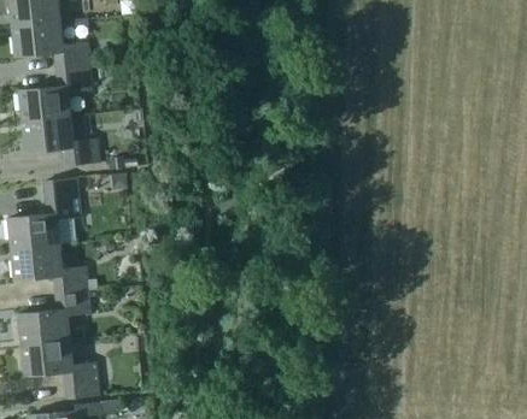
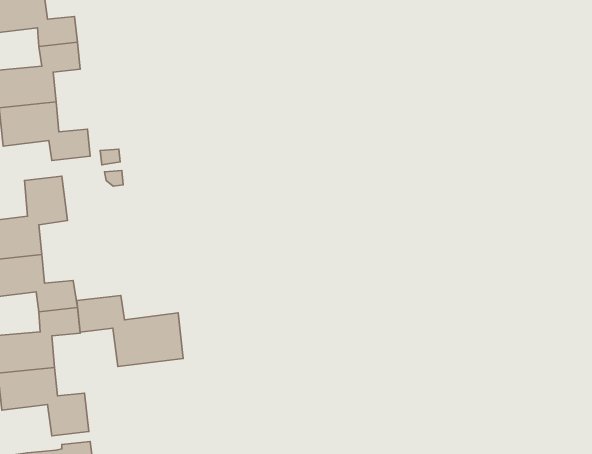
building: none -> [77,296,183,367]

